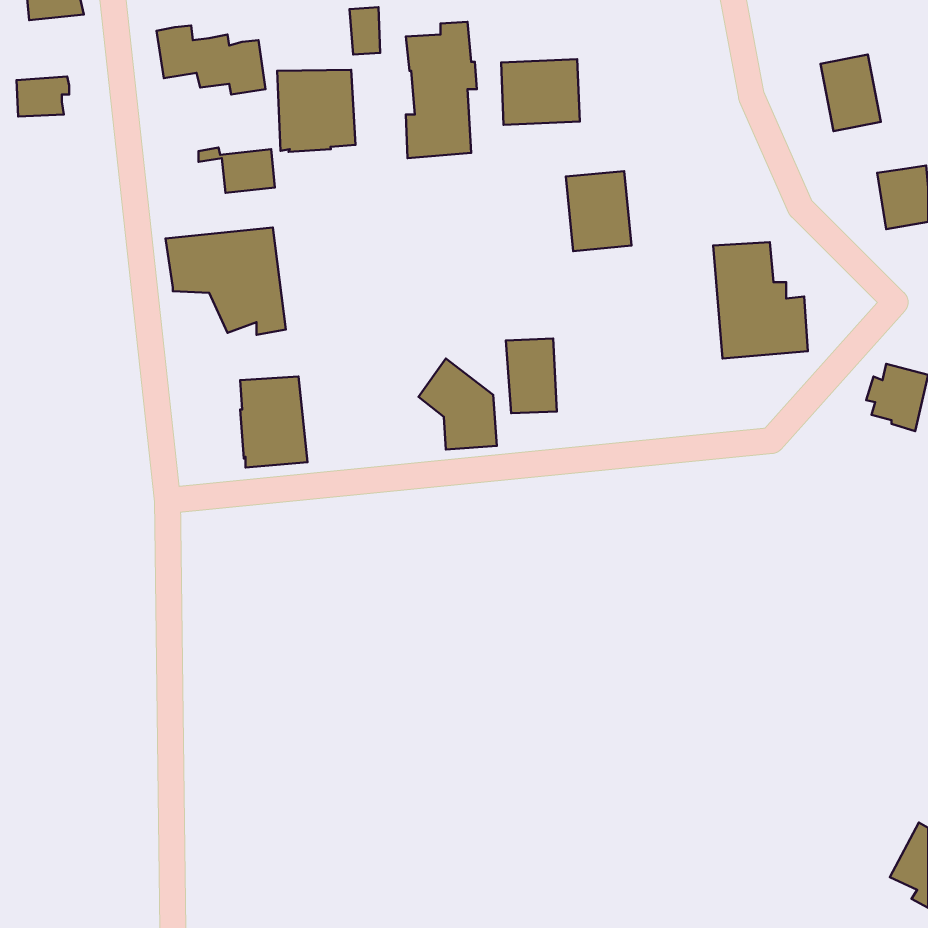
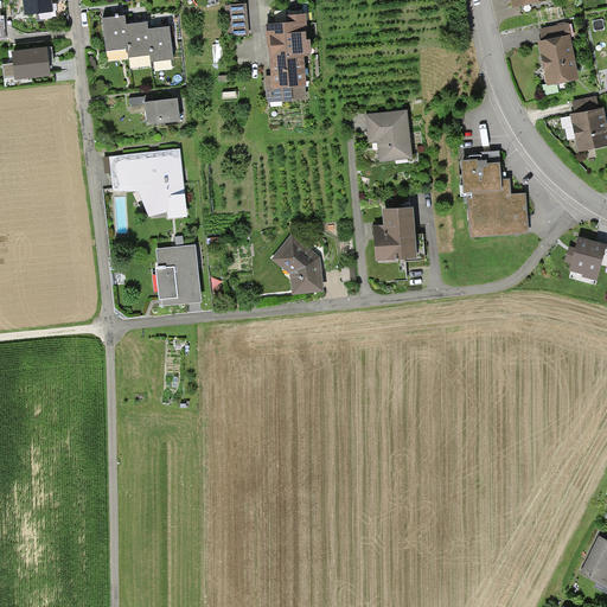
building: [501,59,580,125] -> none
building: [277,70,355,152] -> none
building: [506,339,557,413] -> [384,206,417,255]

